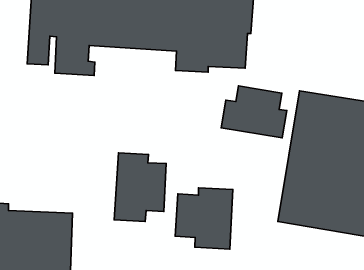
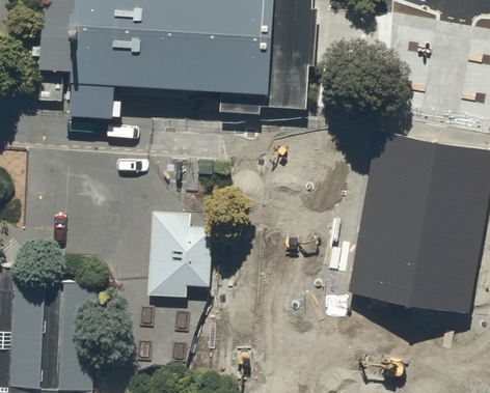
building: [221,86,287,138] -> none
building: [175,188,233,249] -> none

